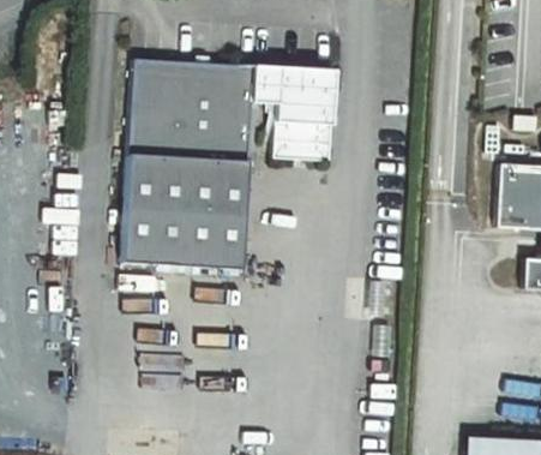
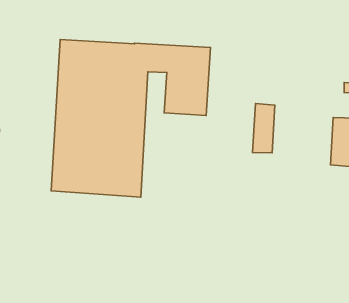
building: none -> [253,104,275,153]

